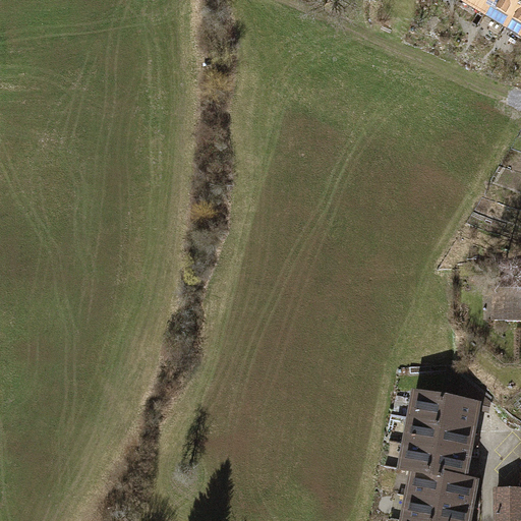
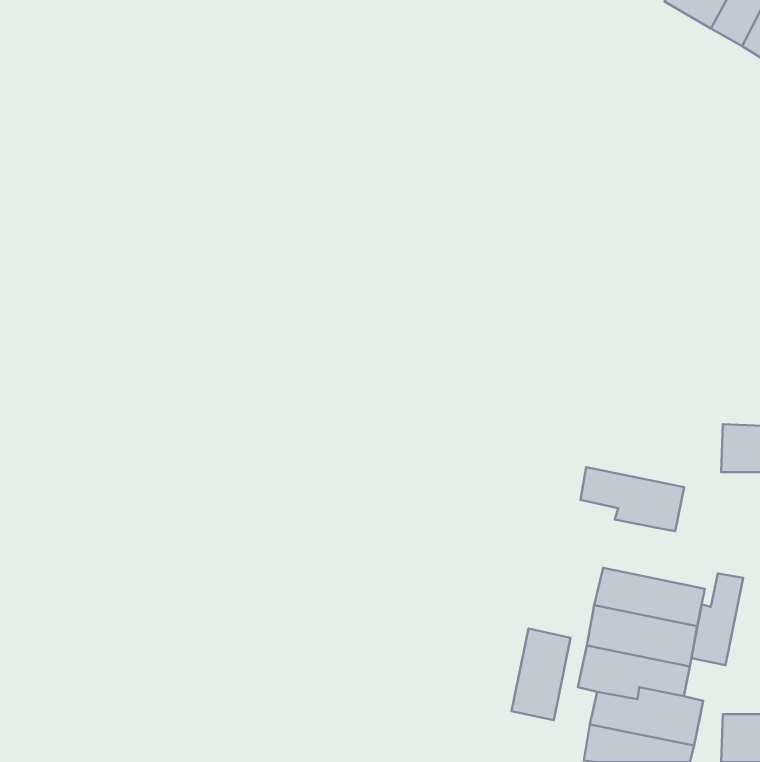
building: none -> [581,467,684,531]
building: none -> [691,573,743,665]
building: none -> [512,629,571,720]

